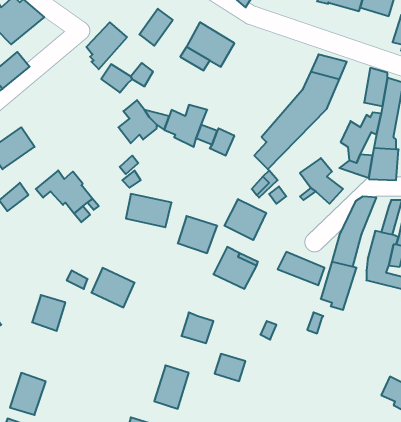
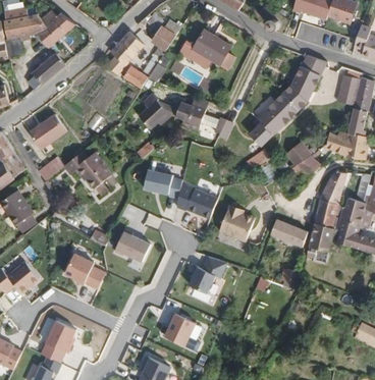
building: [224,199,266,240] -> none
building: [215,354,245,381] -> [202,255,227,277]

